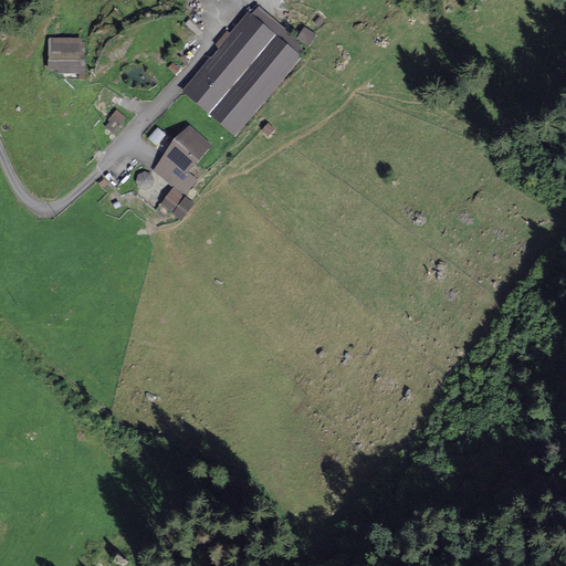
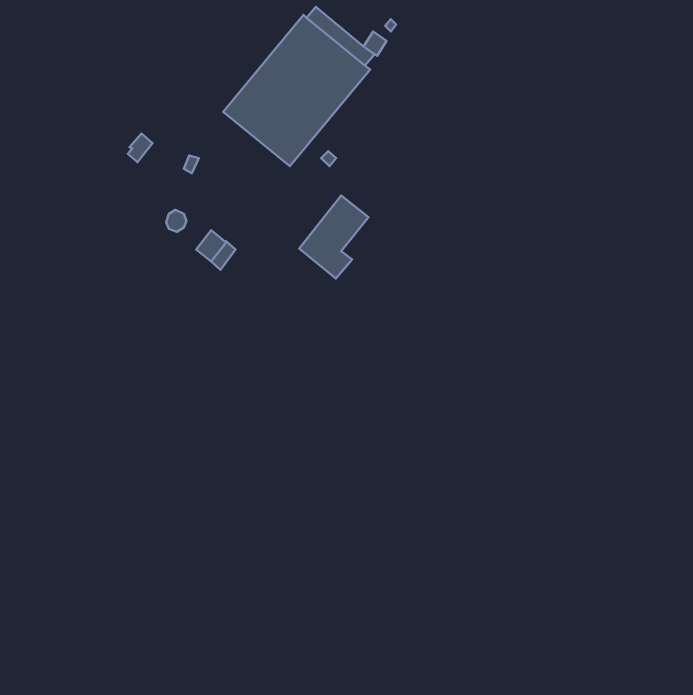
building: [49,38,81,72] -> none
building: [153,126,209,193] -> [299,195,369,279]

